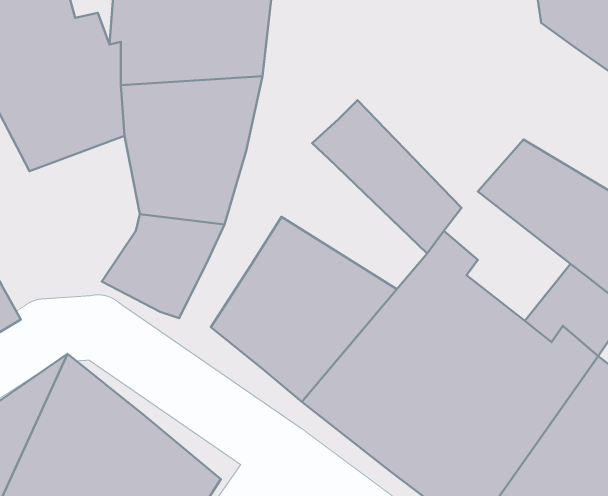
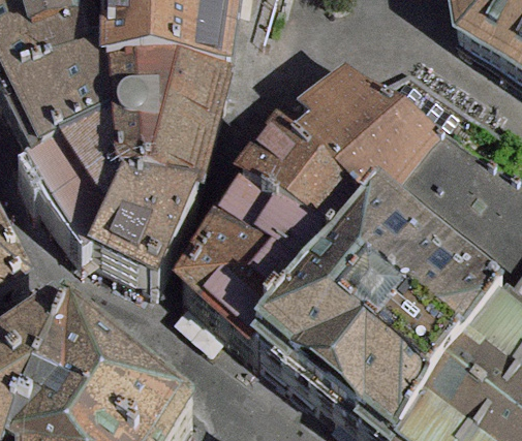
building: none -> [304,78,439,199]
building: none -> [36,140,126,259]
building: none -> [242,159,361,265]

